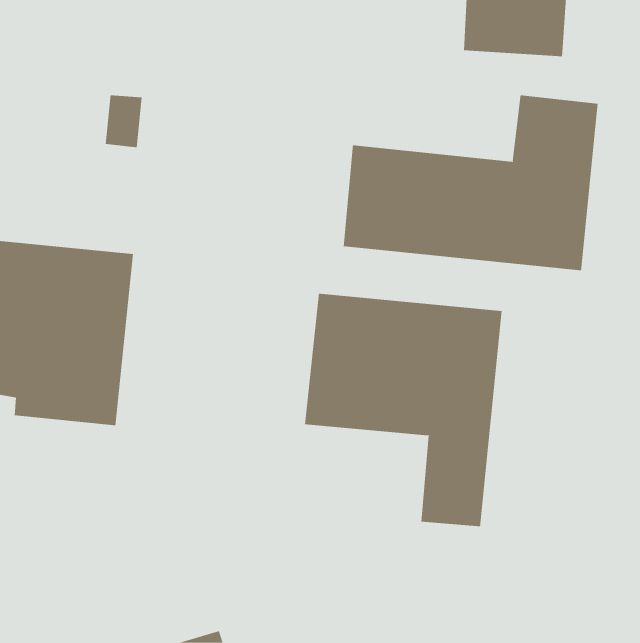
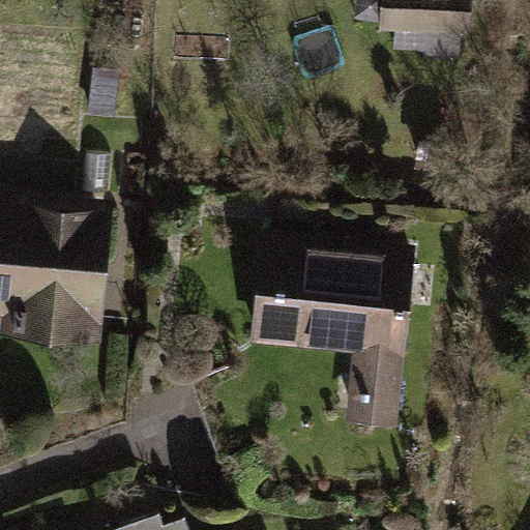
building: [343,95,598,271] -> none

